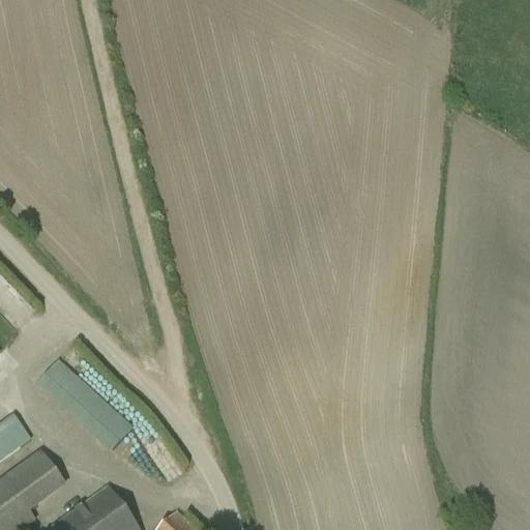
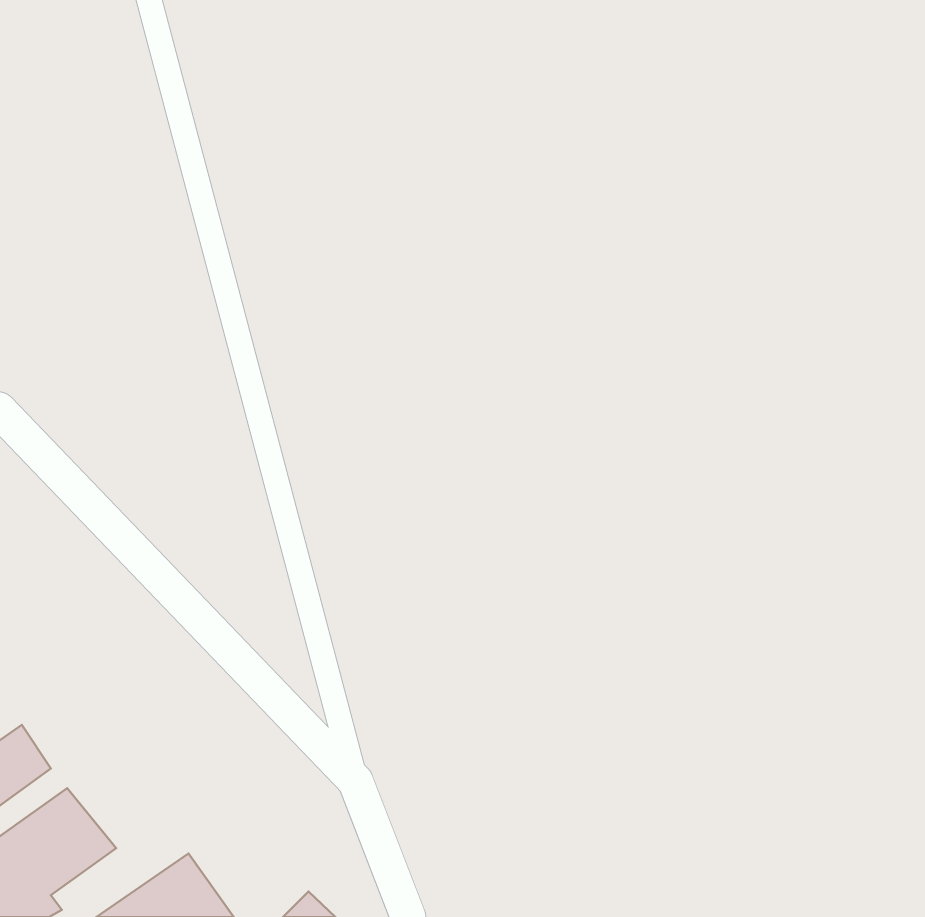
building: [36,360,131,448] -> none

